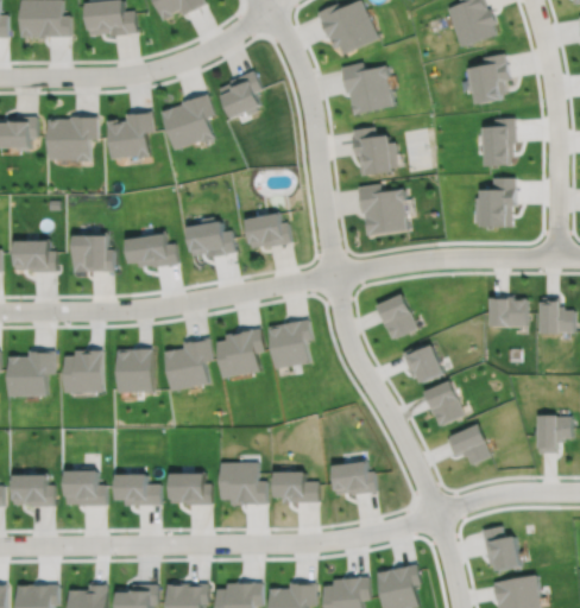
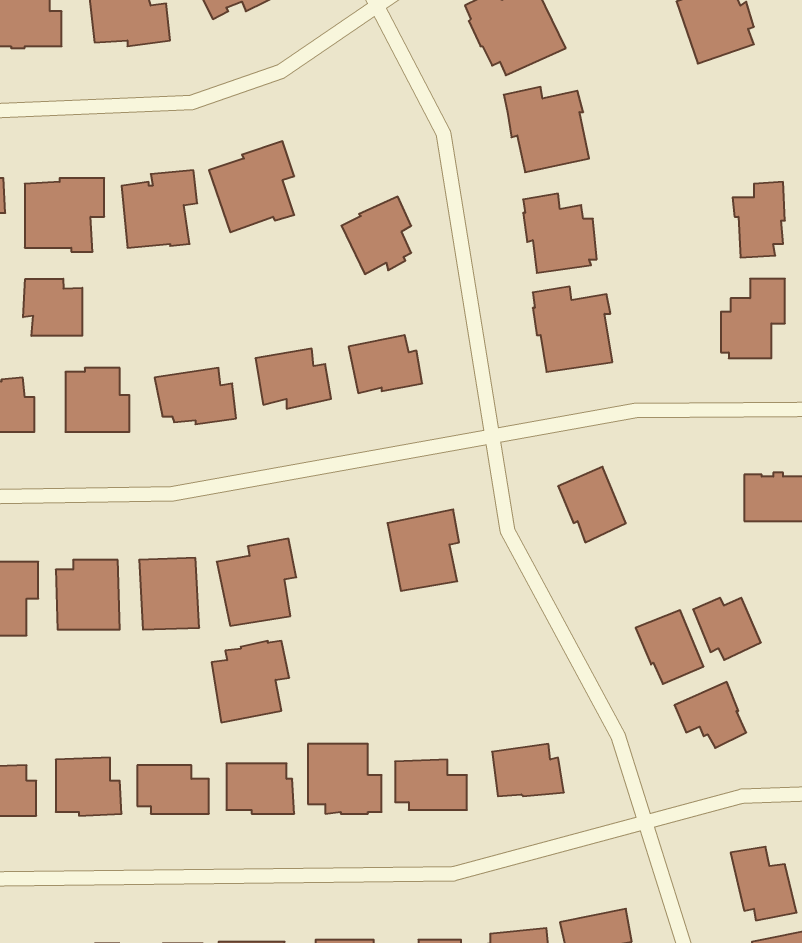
building: [465,52,509,102] -> none
building: [218,71,260,119] -> [341,197,411,274]
building: none -> [23,279,82,336]
building: [219,329,266,379] -> [212,641,289,722]
building: [401,346,442,384] -> [693,598,761,660]

